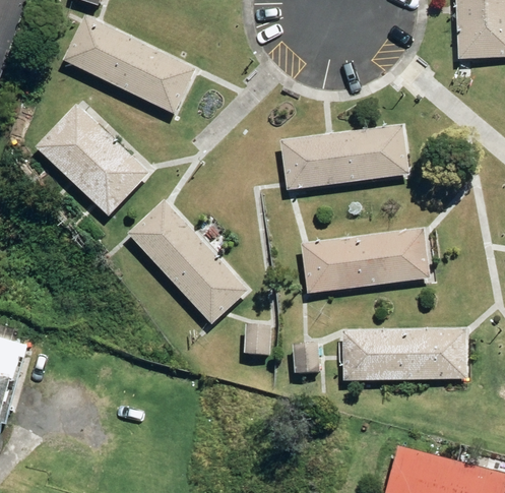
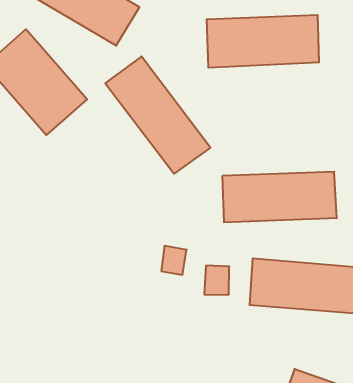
building: [282,123,408,190] -> [207,15,319,67]
building: [127,199,247,323] -> [105,56,210,174]

